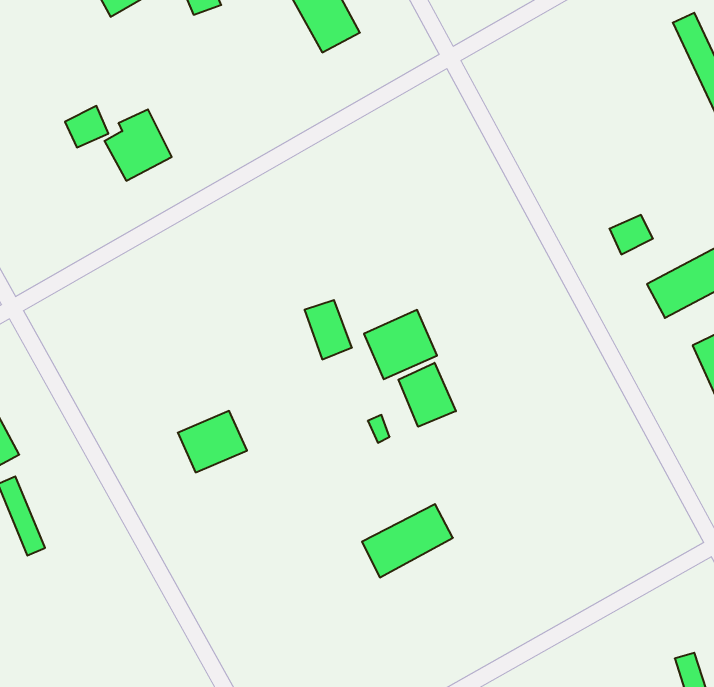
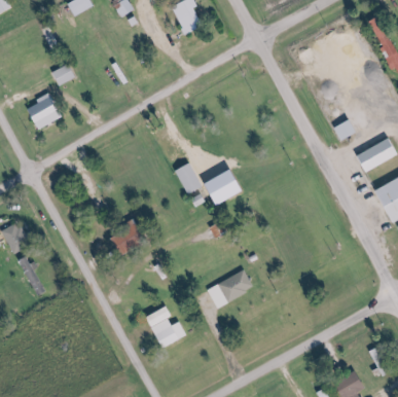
building: [104,109,172,181] -> [27,92,62,129]
building: [398,363,456,427] -> none
building: none -> [146,305,186,348]

